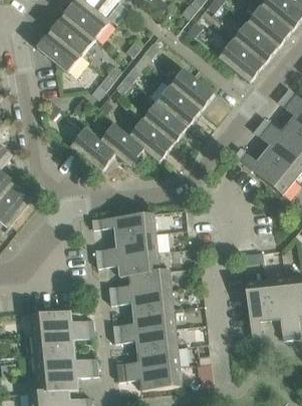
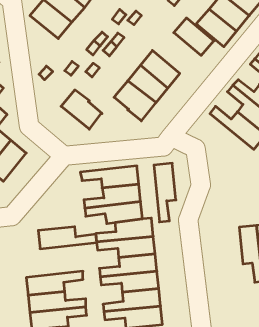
building: [170,69,214,110] -> [174,18,214,55]
building: [99,123,143,166] -> none
building: [245,279,269,343] -> [154,163,176,222]
building: [29,310,93,334] -> [38,227,97,249]

